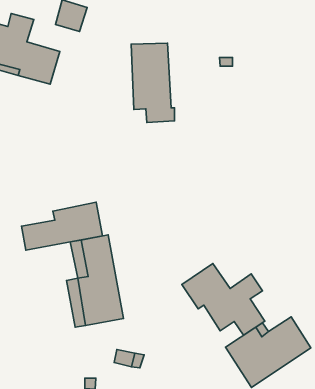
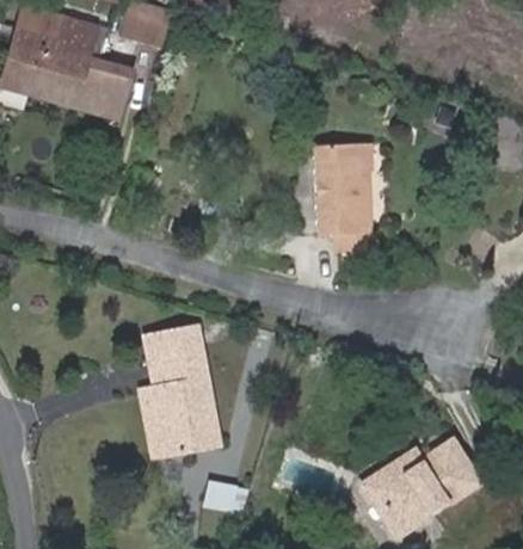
building: [131,43,174,123] -> [315,143,375,253]
building: [21,202,103,250] -> none
building: [182,264,265,335] -> none

